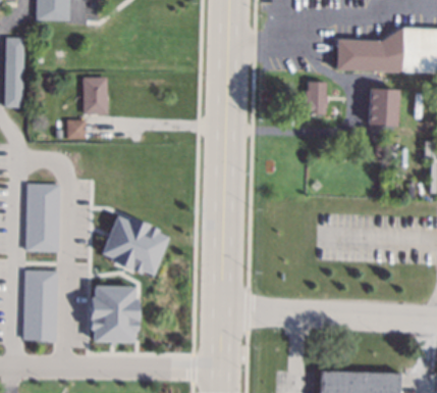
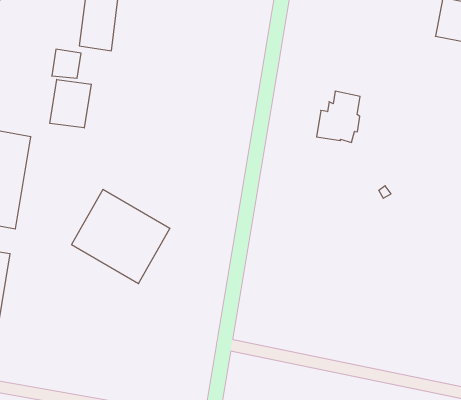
building: [301,81,329,115] -> [317,91,360,142]
building: none -> [50,79,91,128]
building: [92,286,138,343] -> none

